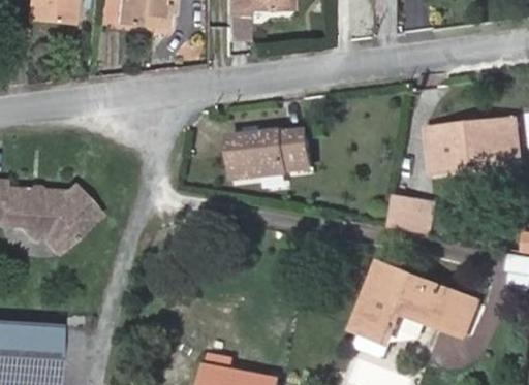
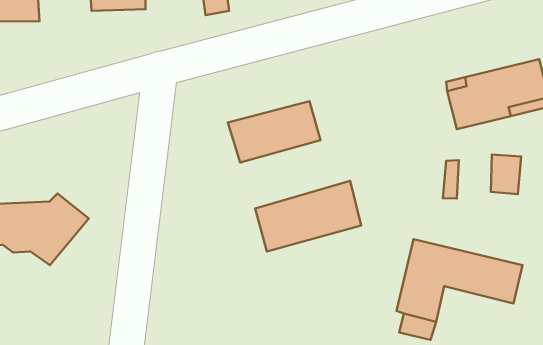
building: [388,194,419,232] -> [491,155,521,194]
building: none -> [255,181,361,251]

